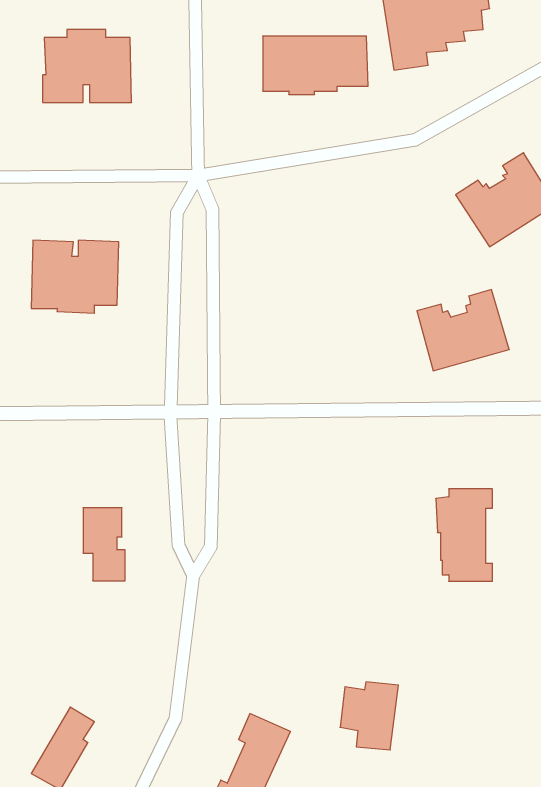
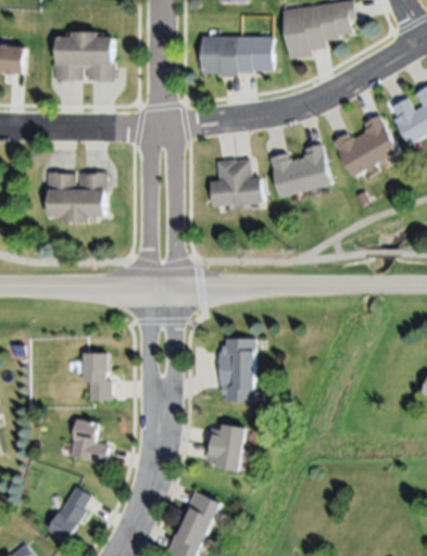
building: none -> [210,157,262,207]
building: [417,290,509,371] -> [269,143,331,198]
building: [436,489,492,581] -> [217,338,255,400]
building: none -> [67,419,106,464]
building: [340,682,398,750] -> [205,425,244,470]

